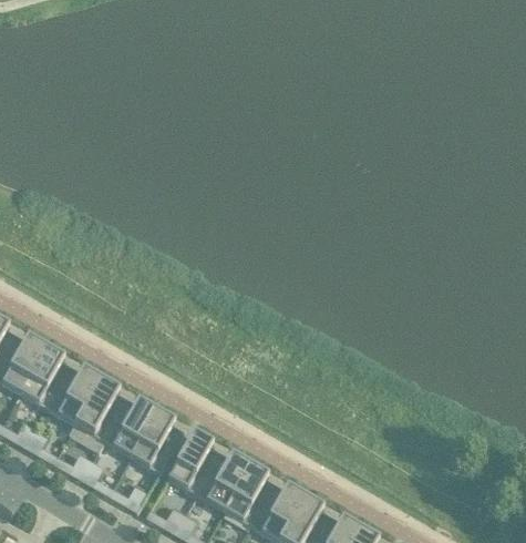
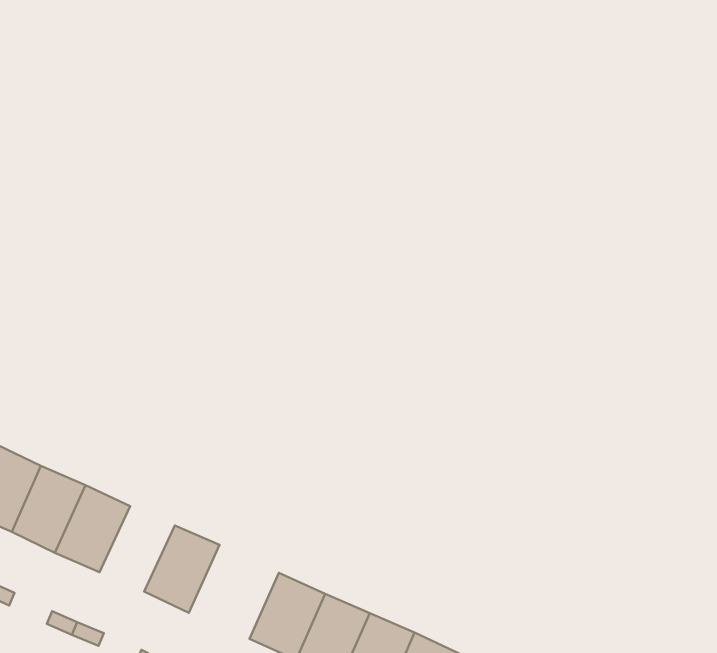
building: [69,380,126,447] -> none
building: [130,411,183,470] -> none

